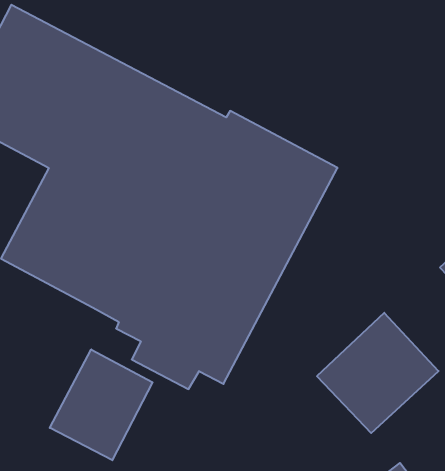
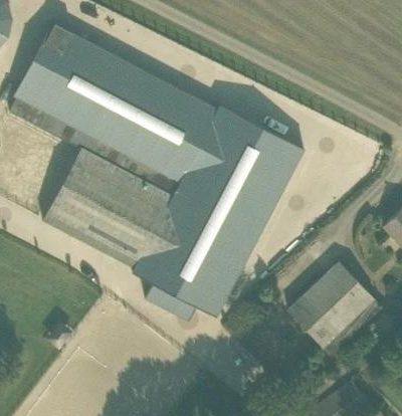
building: [50,349,153,460] -> none

